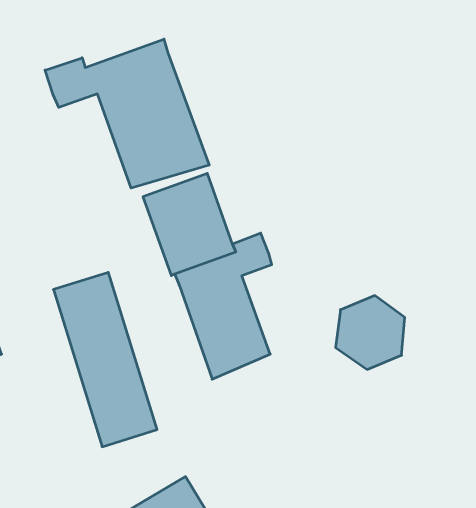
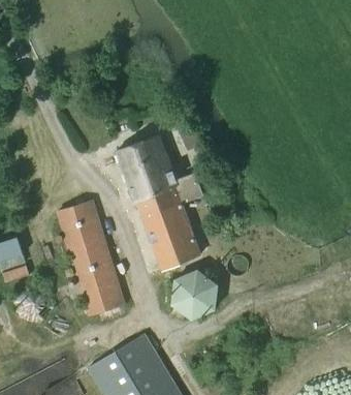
building: [45,39,209,188] -> none
building: [336,296,405,369] -> [171,270,217,318]

